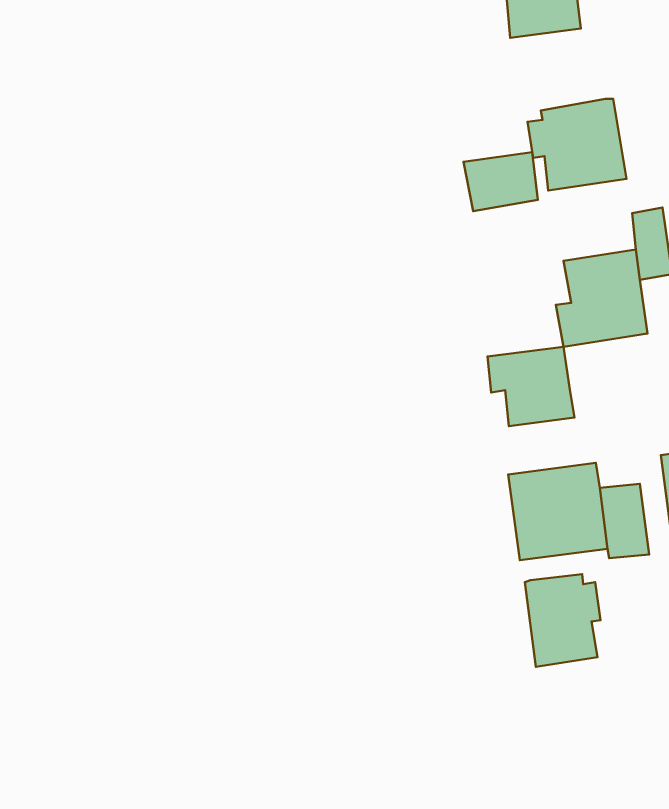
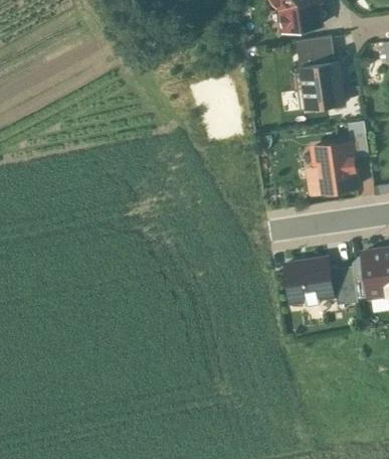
building: [464,152,538,211] -> [295,37,334,68]
building: [488,347,574,426] -> none
building: [525,574,600,667] -> none

